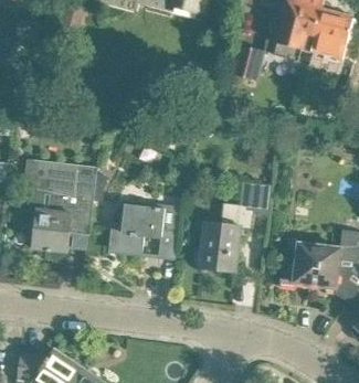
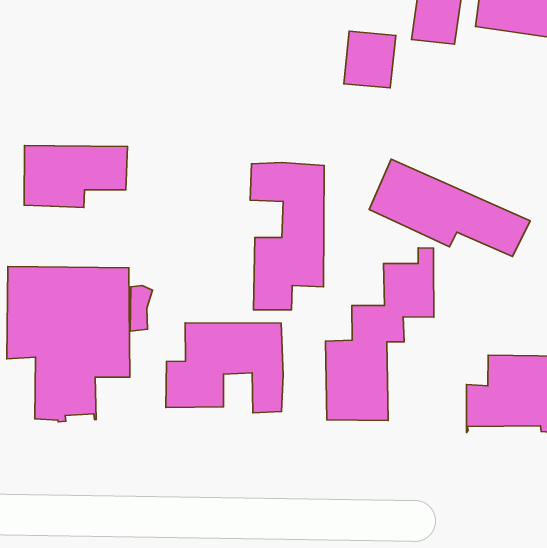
building: none -> [24,146,127,207]
building: none -> [250,162,324,310]
building: none -> [369,159,530,257]

